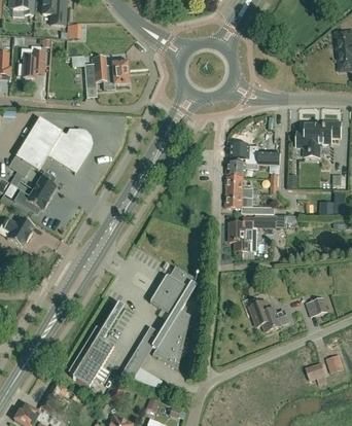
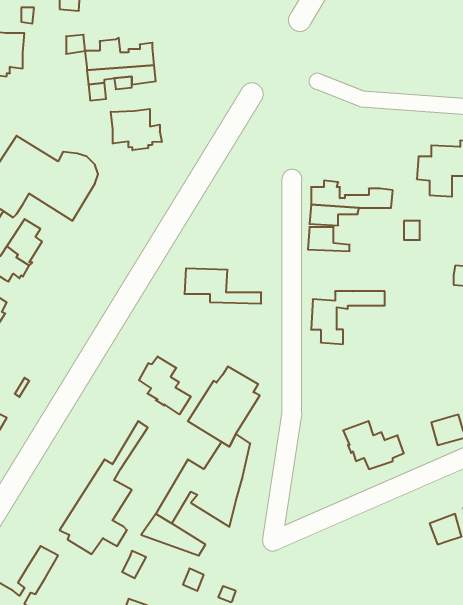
building: none -> [111,109,162,150]
building: [225,190,275,213] -> [184,268,261,304]
building: none -> [139,356,191,414]

